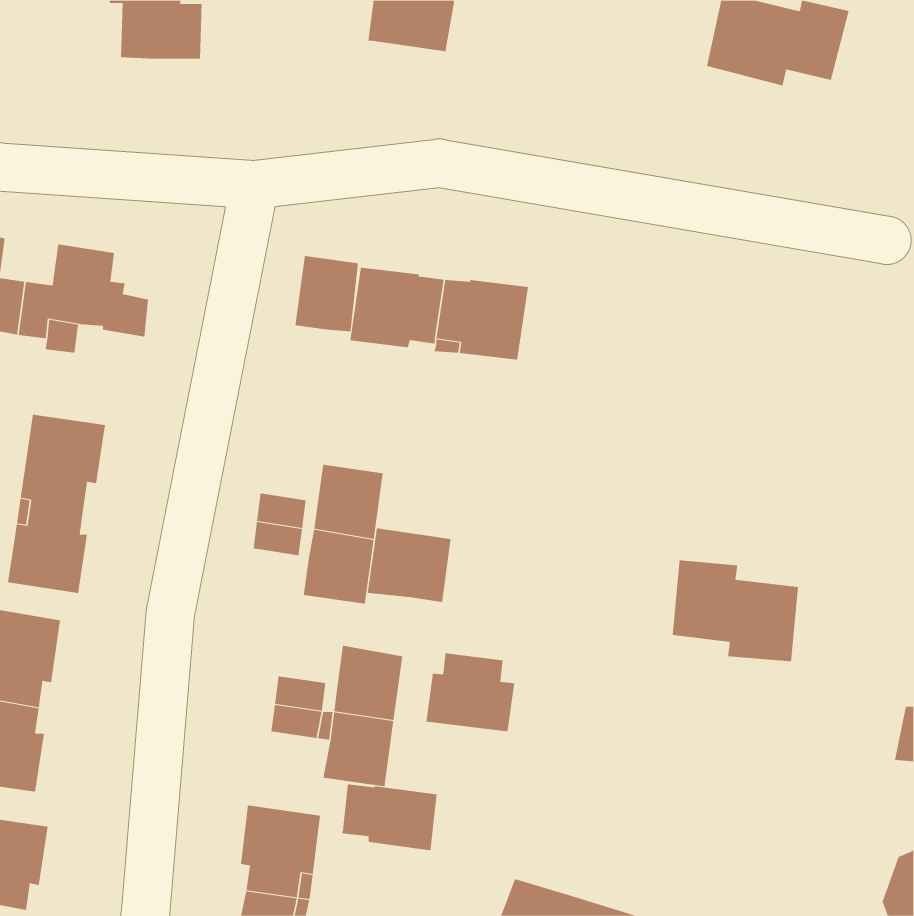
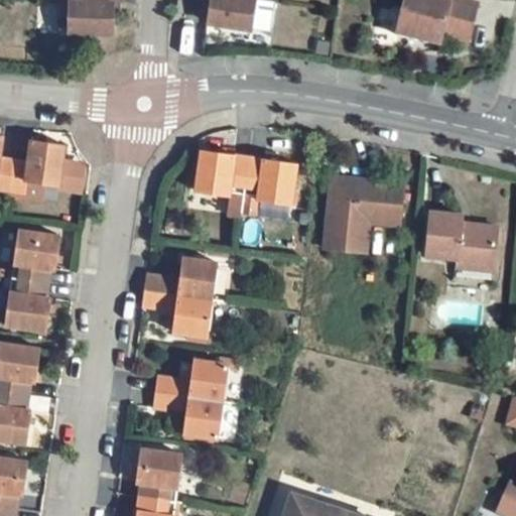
building: [295,255,359,332] -> none
building: none -> [322,176,403,253]
building: [367,527,451,603] -> none
building: [672,560,799,662] -> [425,213,497,270]
building: [426,653,515,732] -> none
building: [341,784,437,851] -> none

